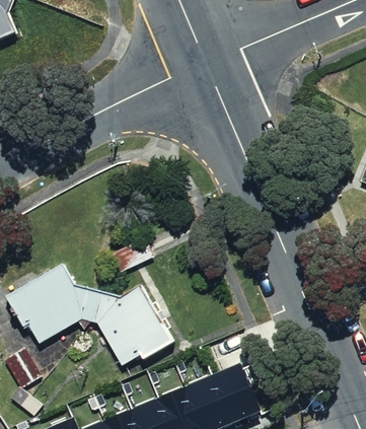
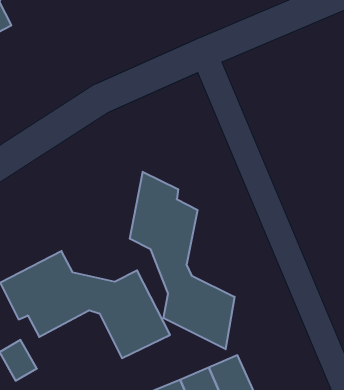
building: none -> [130,172,235,349]

